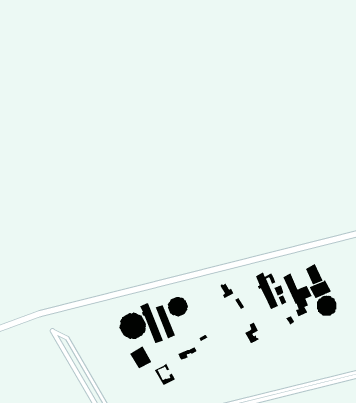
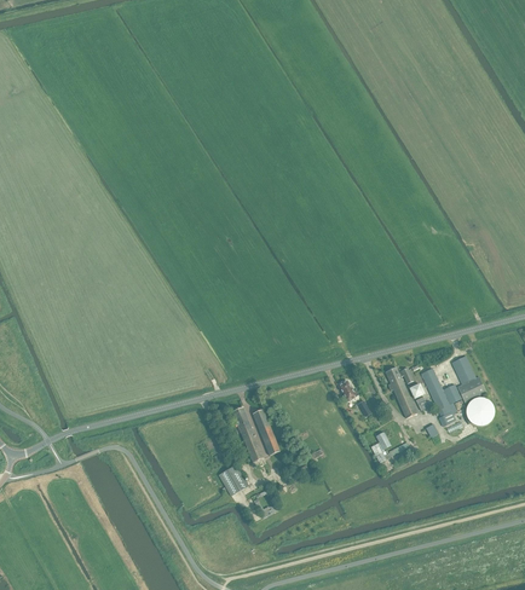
building: [167,296,188,317] -> none
building: [119,312,146,340] -> none

